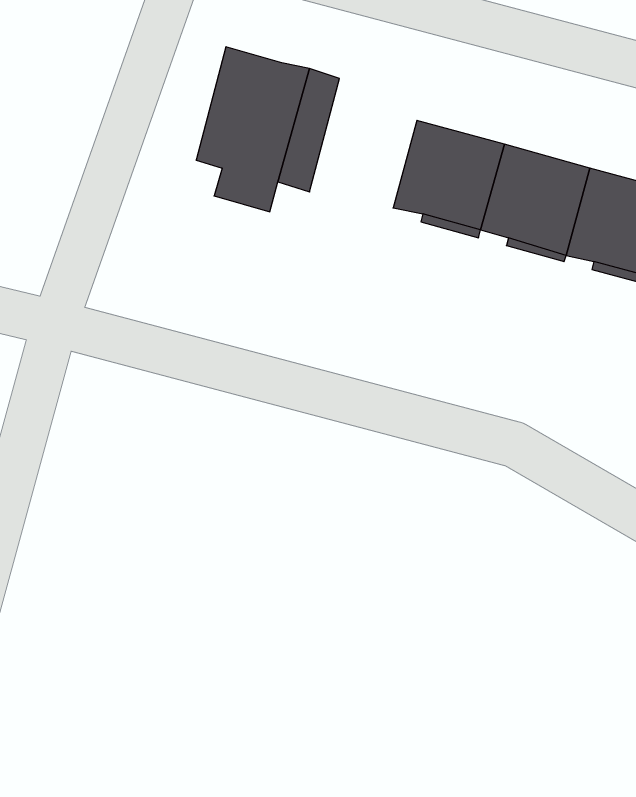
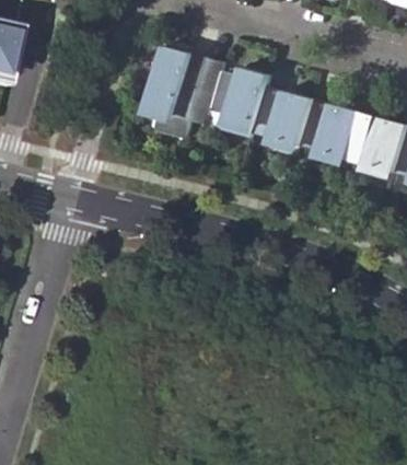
building: none -> [219,66,266,136]

